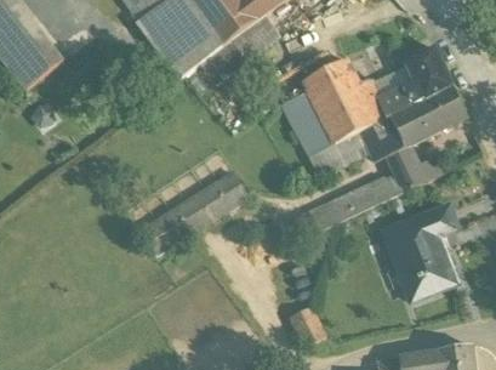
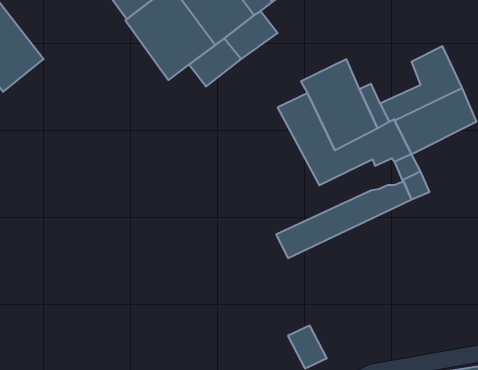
building: [139,170,249,254] -> none
building: [382,203,458,300] -> none

